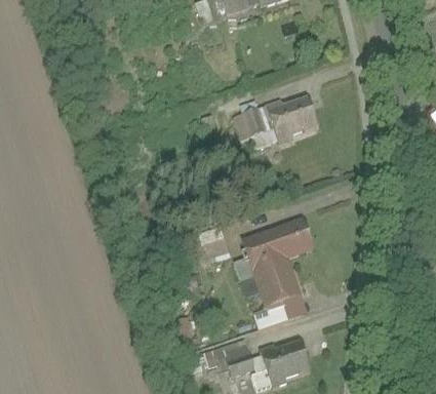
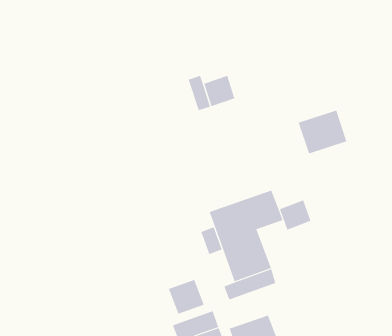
building: [268,95,316,139] -> [298,110,347,154]
building: none -> [279,200,311,231]
building: none -> [168,279,205,315]

